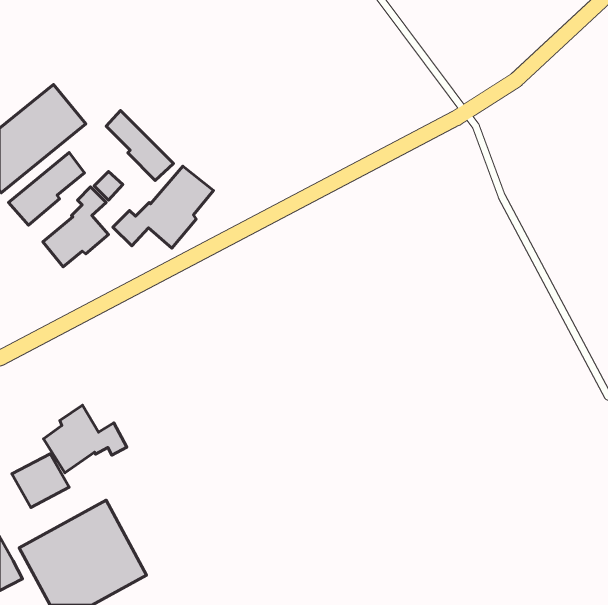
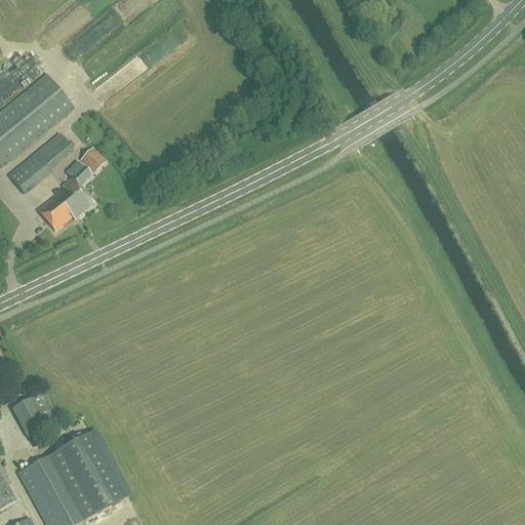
building: [106,111,174,180] -> none
building: [113,166,213,248] -> none
building: [43,405,127,473] -> none

